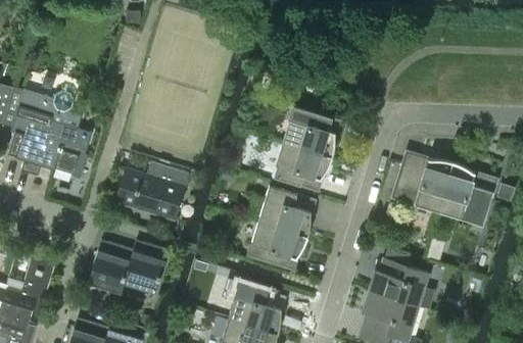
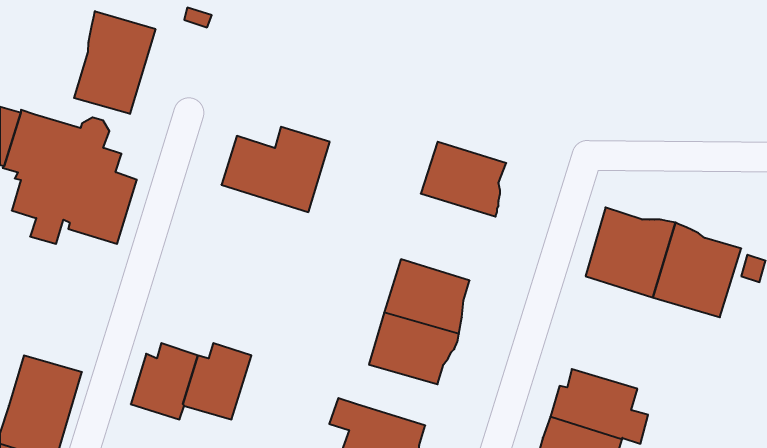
building: none -> [74,11,155,114]
building: [272,142,332,191] -> none
building: [115,162,188,219] -> [221,127,330,212]

